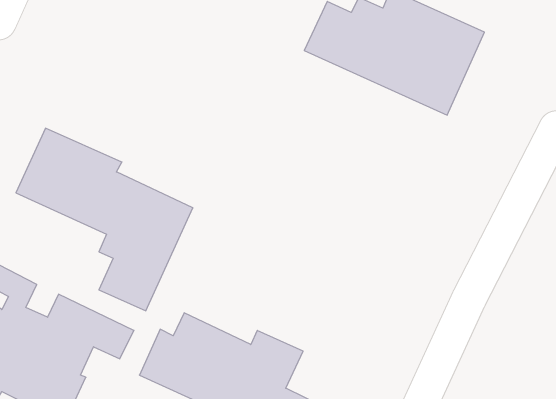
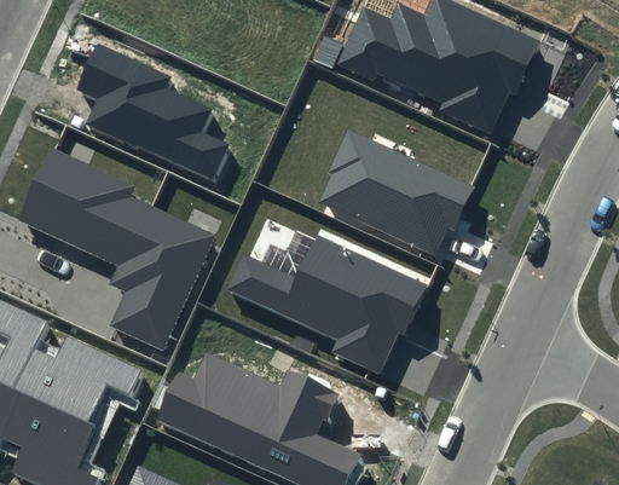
building: none -> [75,42,235,186]
building: none -> [318,128,474,254]
building: none -> [227,233,428,374]

